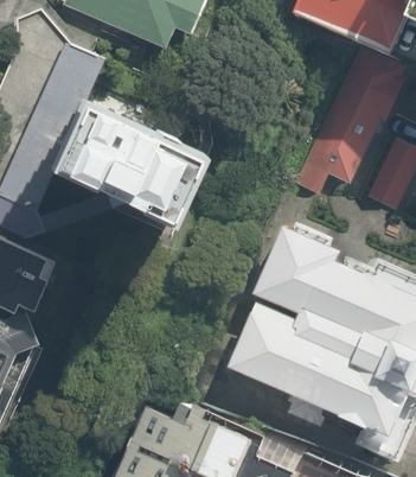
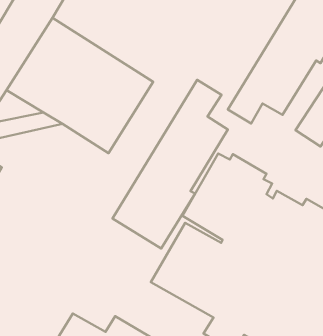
building: none -> [113,80,228,248]

